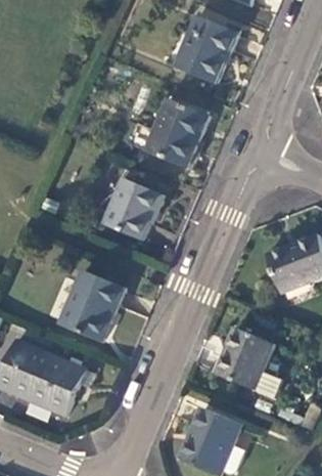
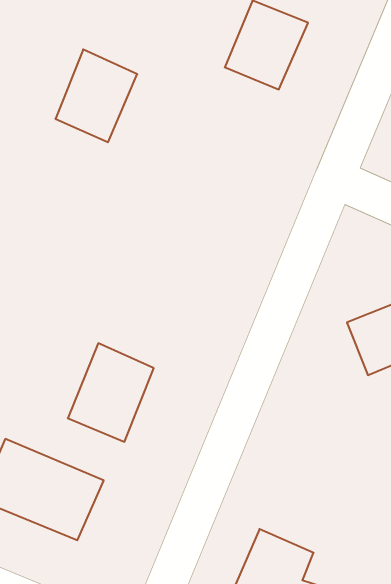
building: [147,98,208,167] -> [55,49,137,142]
building: [103,178,166,239] -> none
building: [215,327,280,399] -> none

